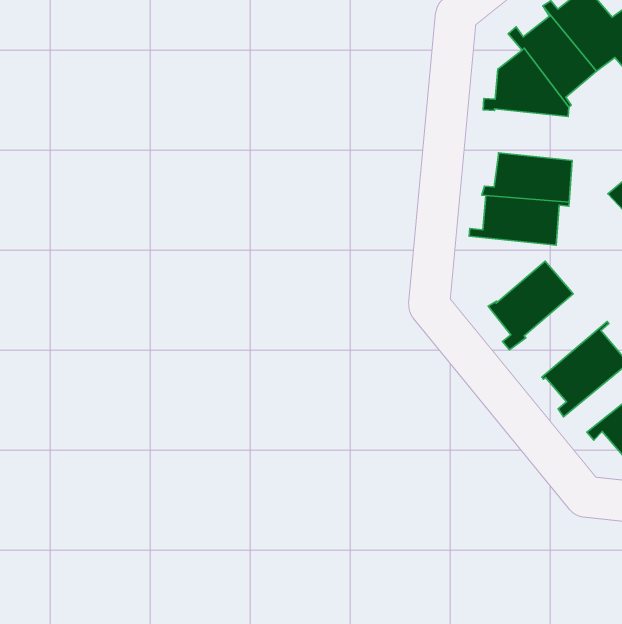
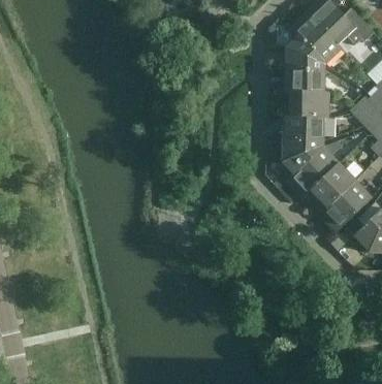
building: none -> [278,66,329,91]
building: none -> [277,136,324,171]
building: none -> [311,159,355,210]

